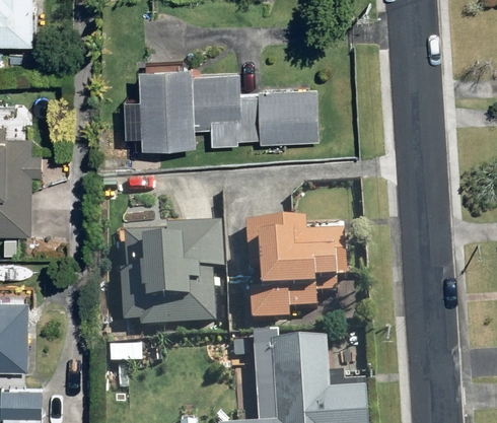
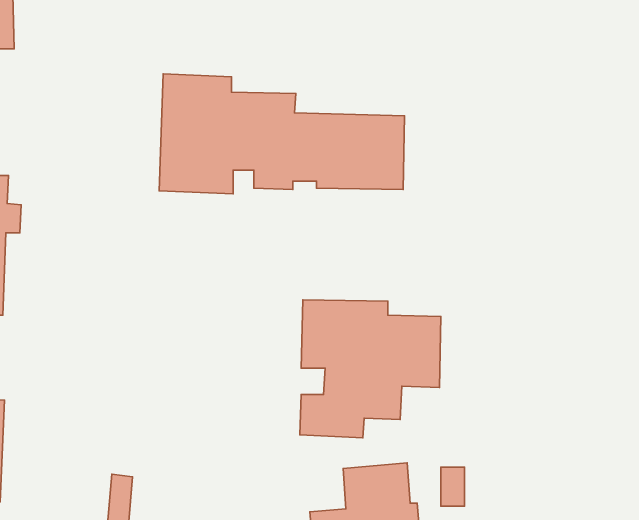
building: [120,221,221,324] -> none

